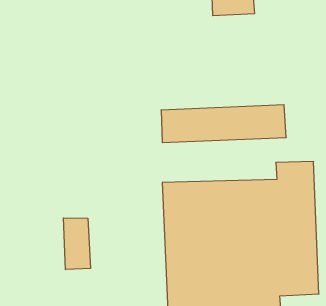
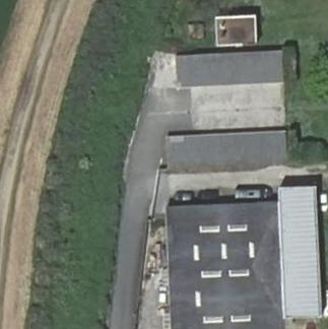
building: none -> [176,52,283,86]
building: [64,218,90,270] -> none

